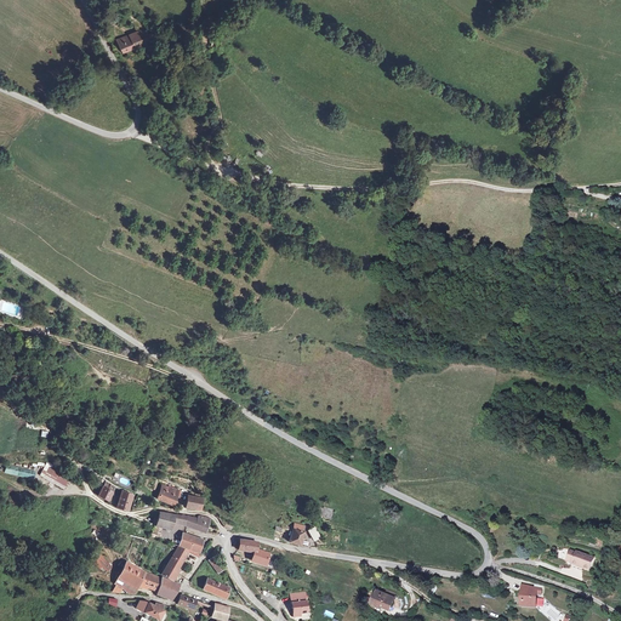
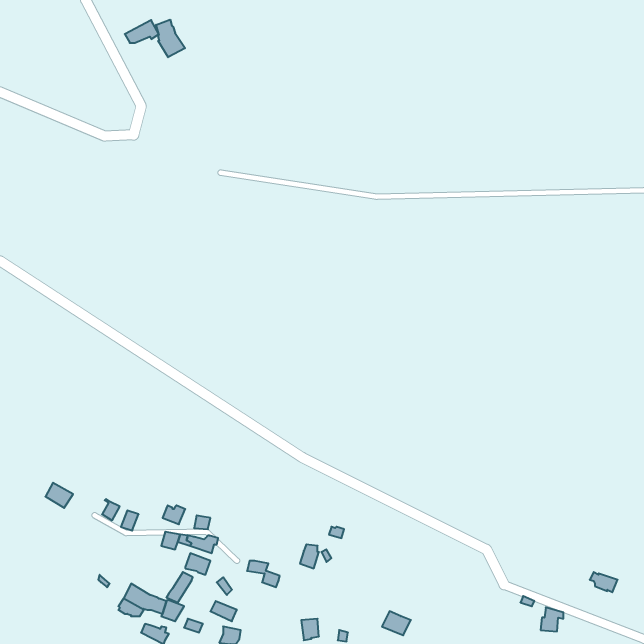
building: none -> [156,20,185,57]

